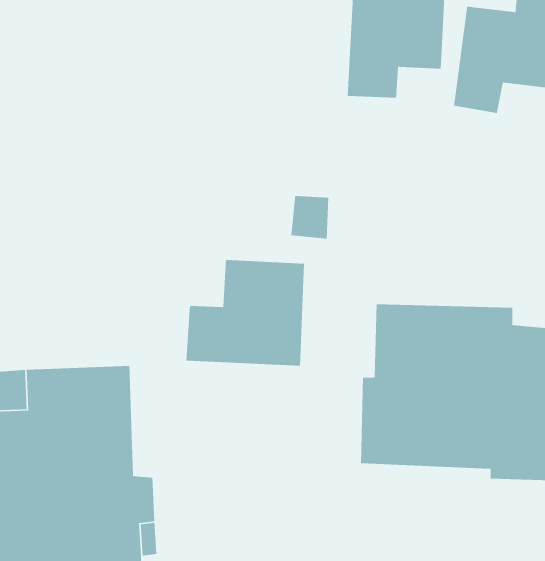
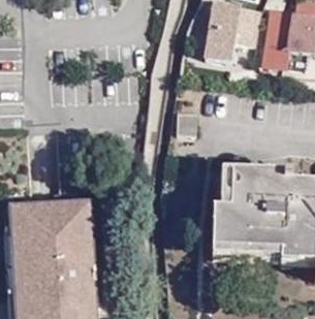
building: [186,259,305,366] -> none

